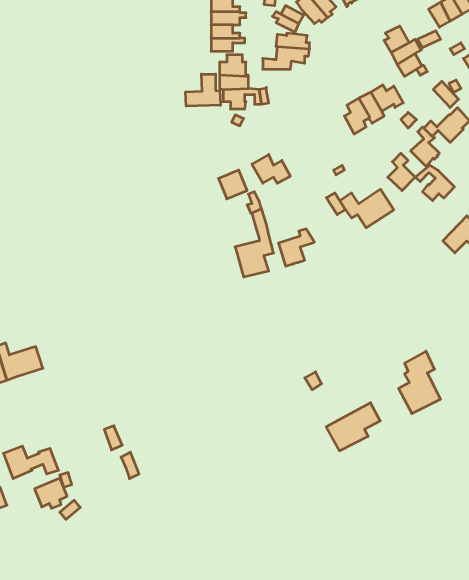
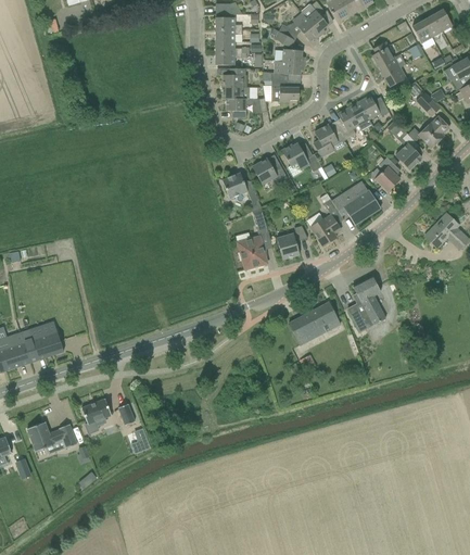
building: none -> [264,80,298,101]
building: [186,74,220,106] -> none
building: none -> [313,123,344,156]
building: none -> [281,142,321,175]
building: [415,165,454,201] -> none
building: none -> [310,214,340,245]
building: [399,351,441,414] -> [347,275,385,331]
building: [326,403,380,451] -> [288,301,336,344]
building: [35,478,67,508] -> [81,398,111,425]

